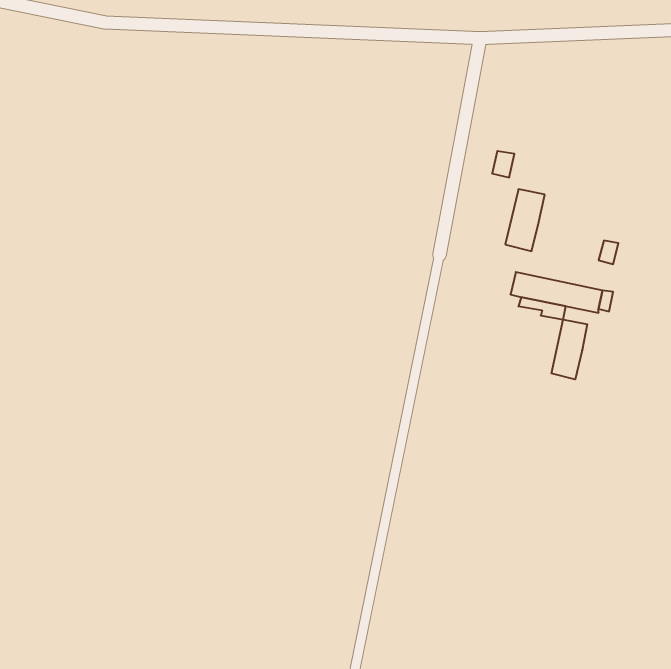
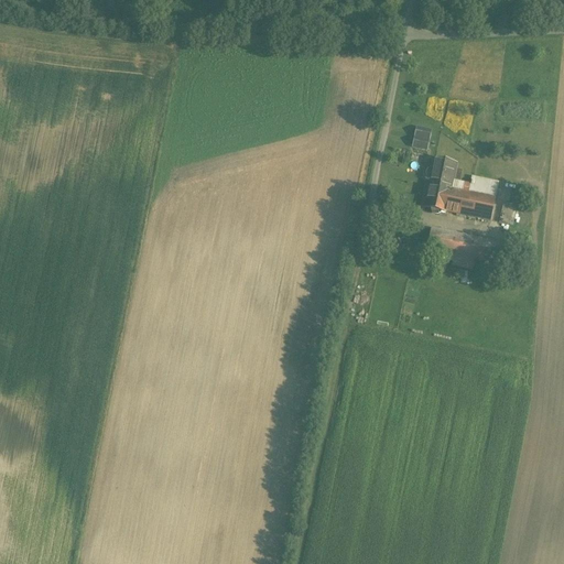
building: none -> [446,175,499,219]
building: [552,319,587,379] -> none

